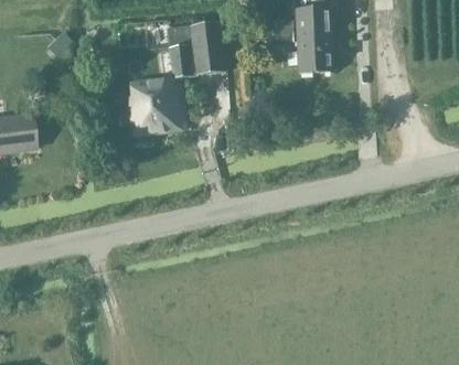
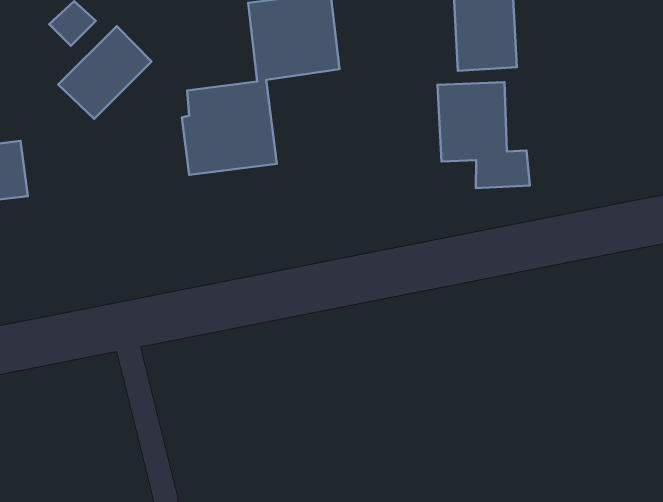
building: none -> [58,26,152,119]
building: none -> [438,82,530,188]

